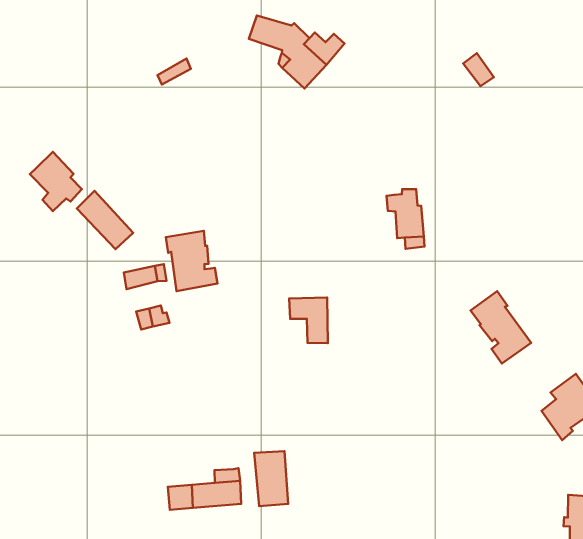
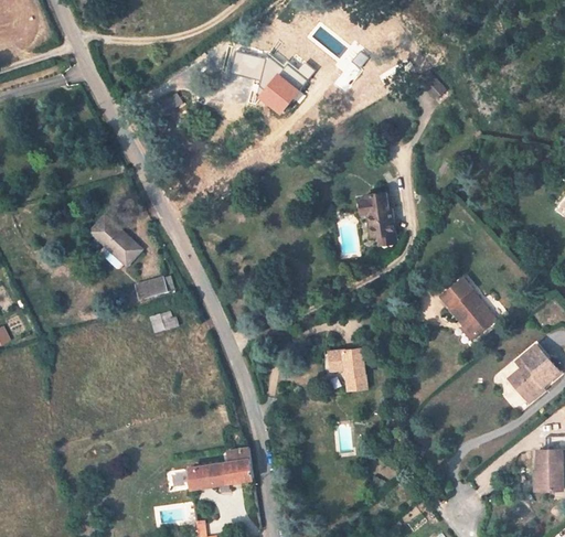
building: [30,152,82,211] -> none
building: [166,231,217,291] -> none
building: [289,298,328,343] -> [328,348,364,389]
building: [254,451,288,506] -> none

